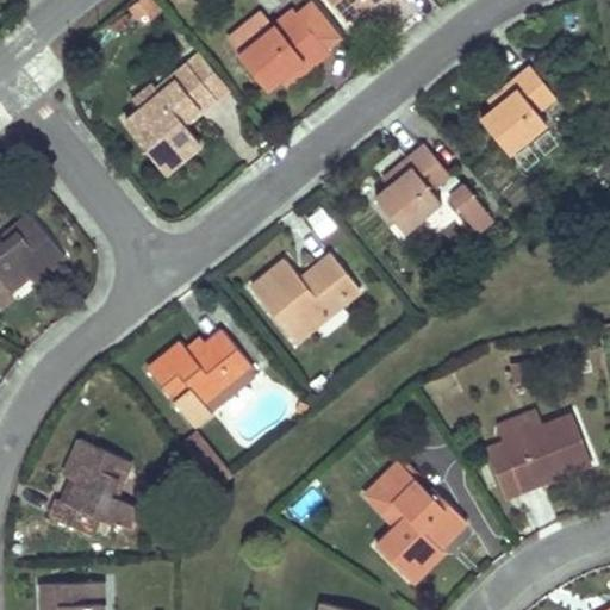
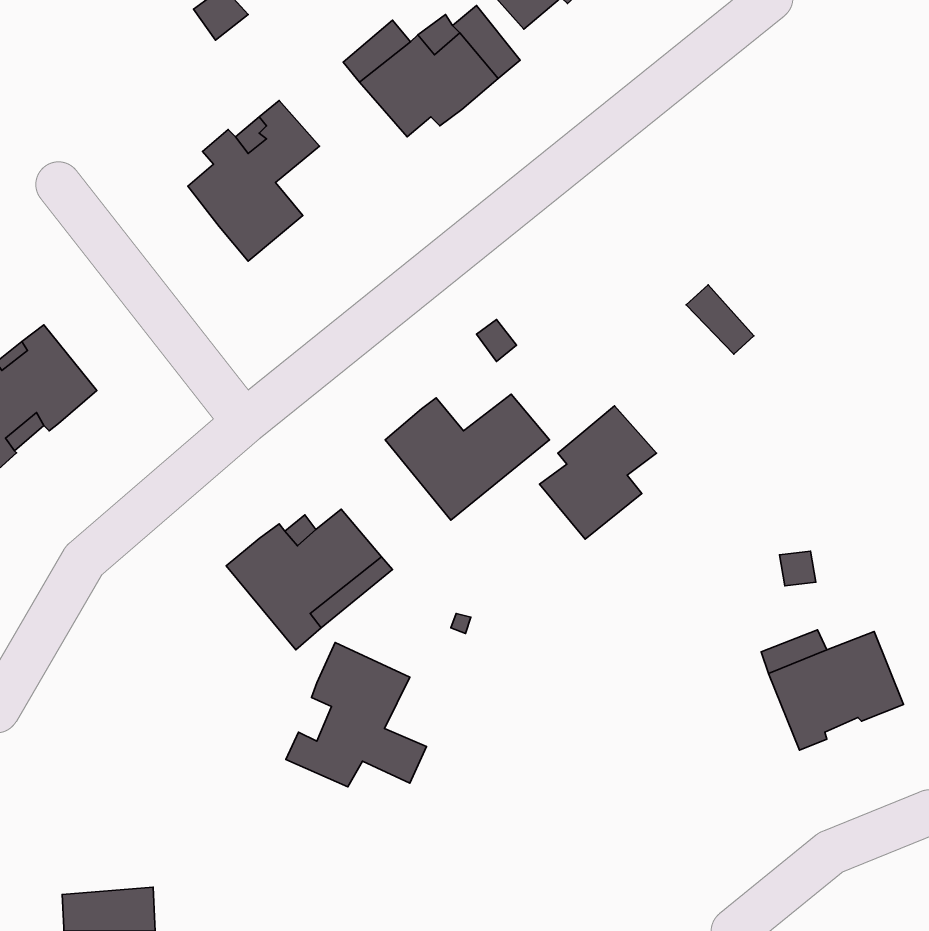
building: [481,66,554,151] -> none
building: [374,144,450,231] -> [540,406,656,539]
building: [49,440,141,534] -> [286,643,426,787]
building: [365,461,466,585] -> none

